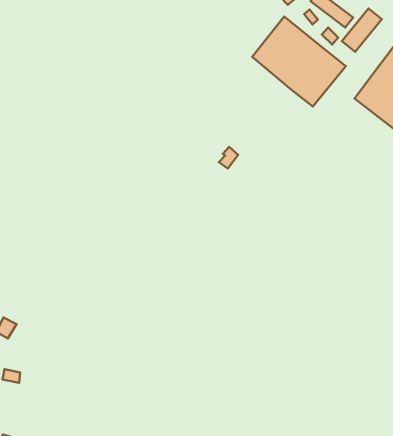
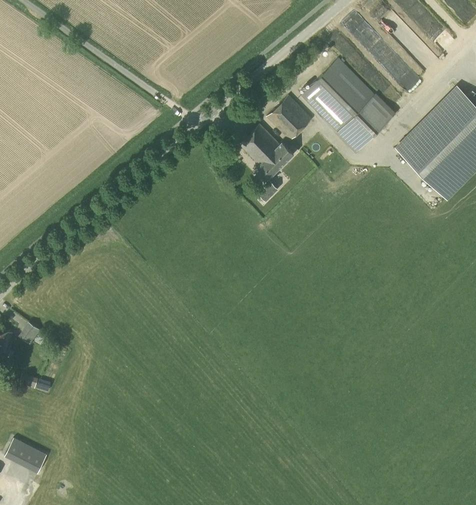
building: none -> [265,95,311,141]
building: none -> [239,124,293,179]

